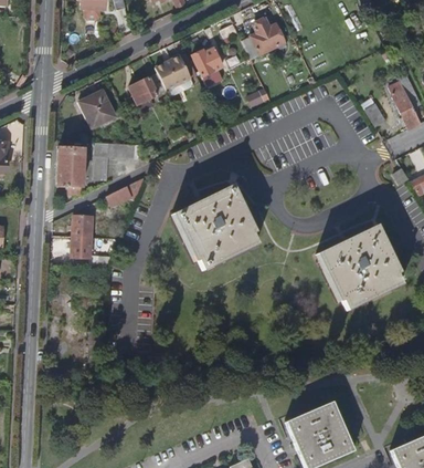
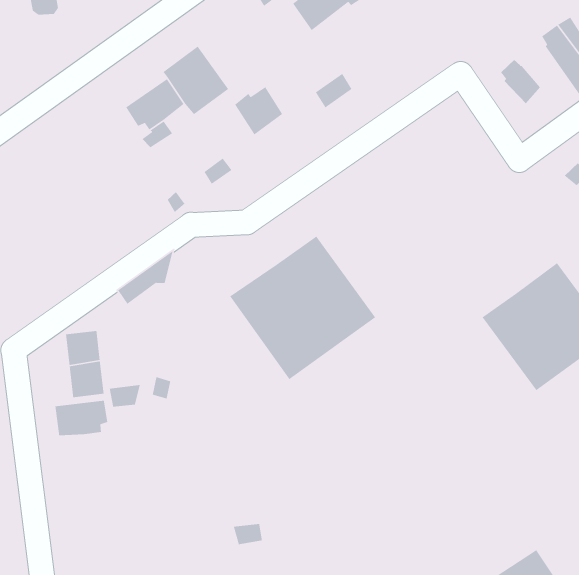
building: [194,48,223,76] -> [234,86,283,135]
building: [77,91,115,127] -> none
building: [94,143,148,180] -> none
building: [57,147,83,195] -> none
building: none -> [54,400,108,436]

